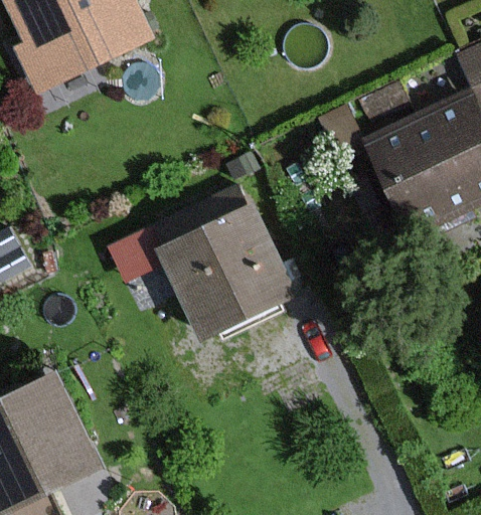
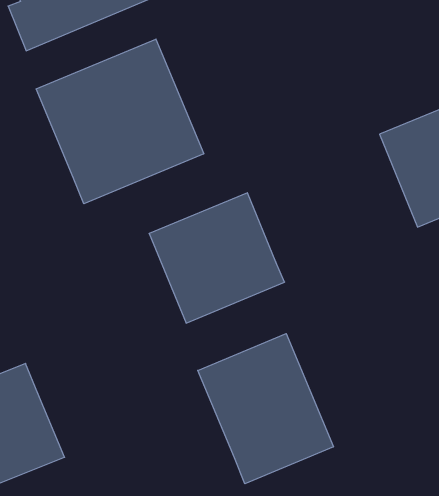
building: none -> [36,39,204,204]
building: none -> [198,334,333,484]

